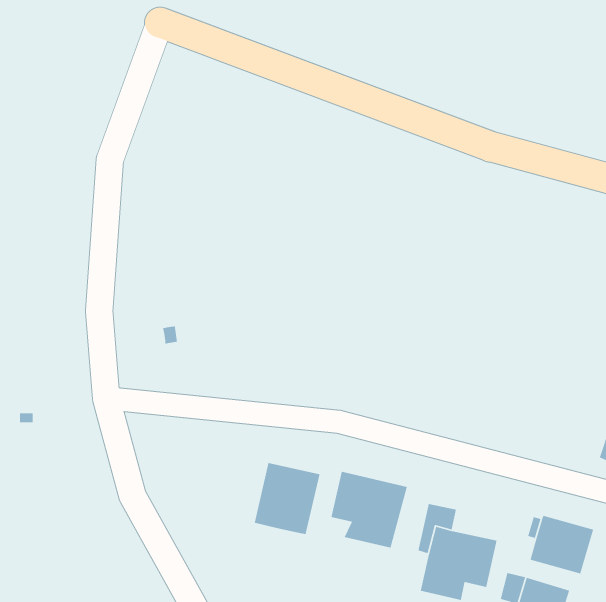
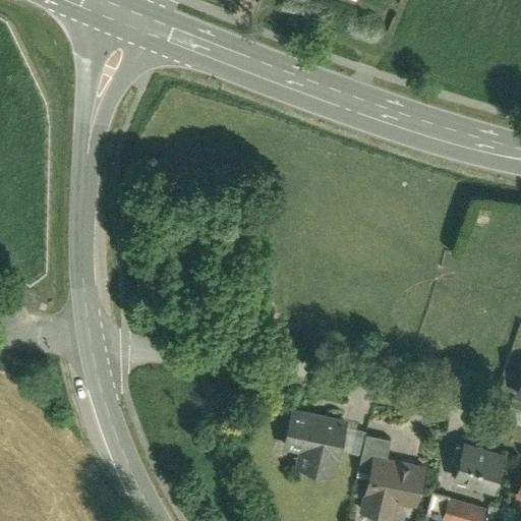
building: [254,462,320,535] -> none

